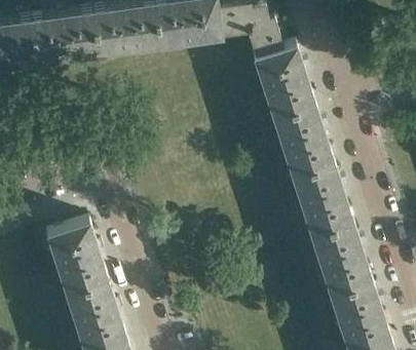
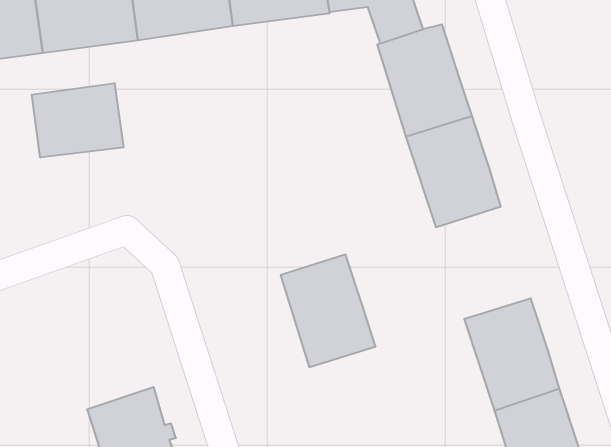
building: none -> [32,83,123,158]
building: [291,161,352,234] -> [281,255,376,367]
building: [45,219,108,293] -> none

